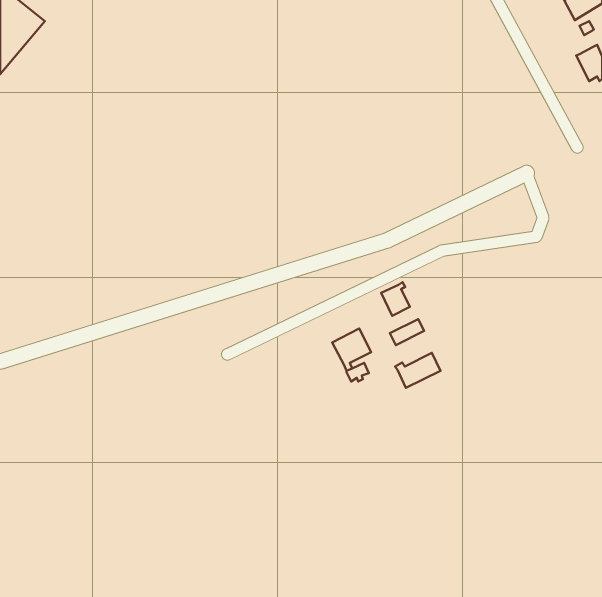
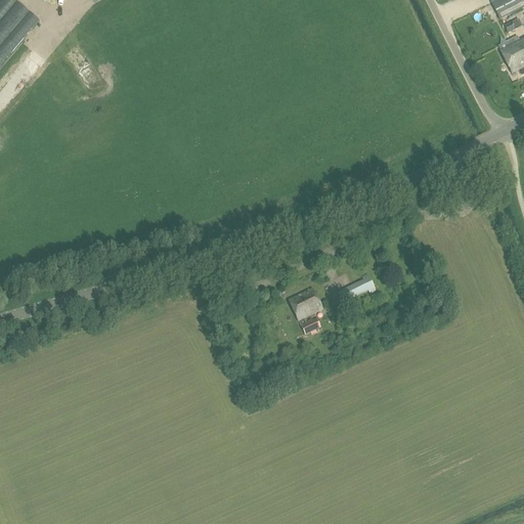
building: [381,282,410,316] -> none
building: [395,353,441,388] -> none

